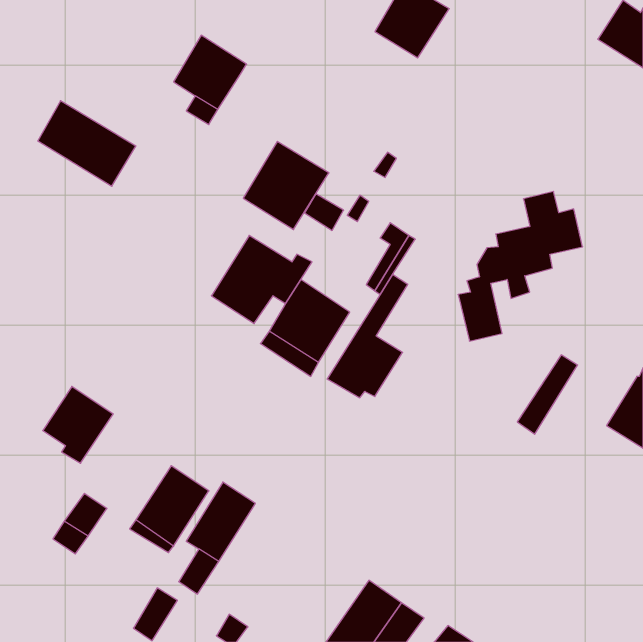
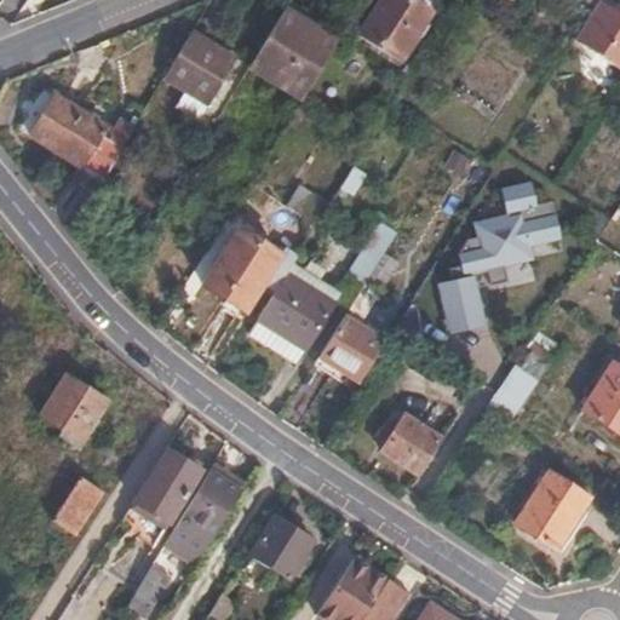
building: [243,141,329,230] -> [256,13,338,98]
building: none -> [379,413,441,471]
building: none -> [516,470,590,546]
building: none -> [251,517,312,578]

